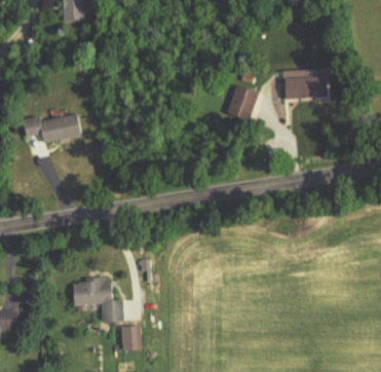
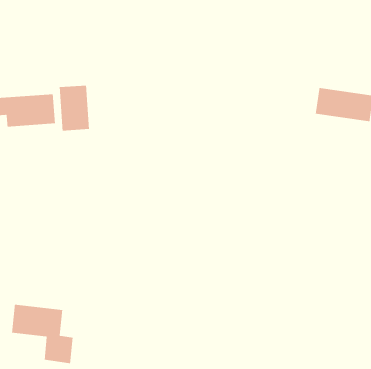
building: [225,83,259,122] -> none
building: none -> [59,85,90,131]

